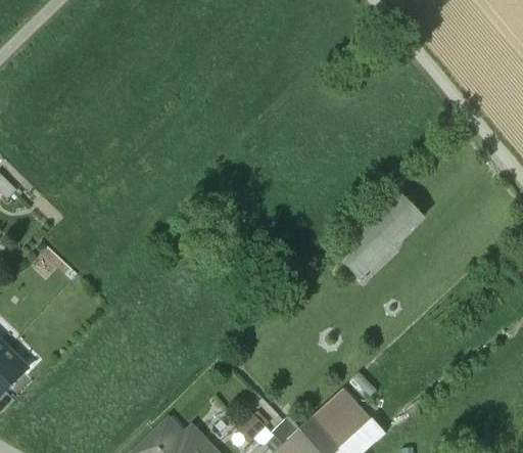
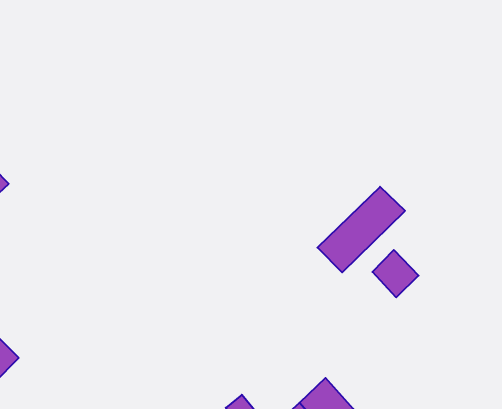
building: none -> [372,250,419,297]

